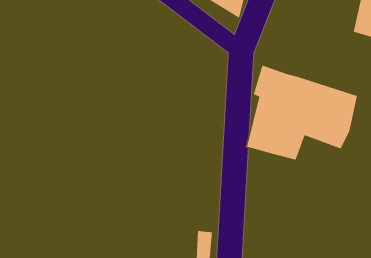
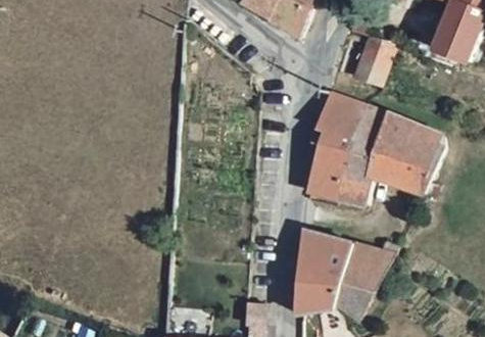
building: none -> [346,46,387,89]
building: none -> [299,234,397,322]

